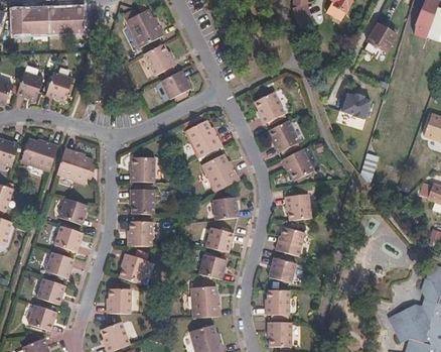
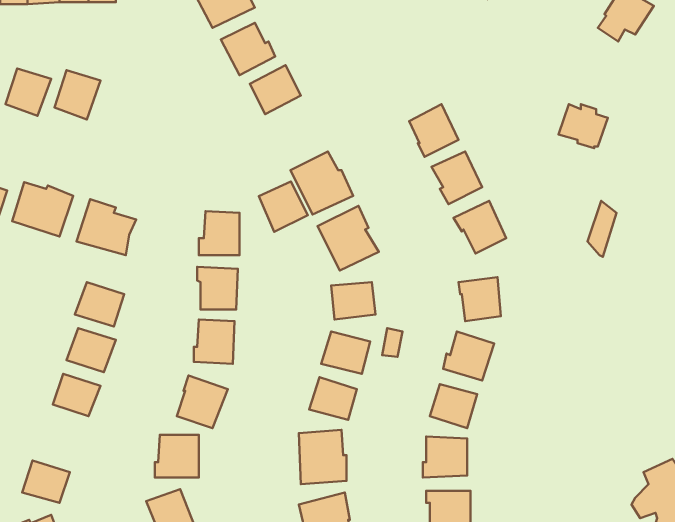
building: none -> [259,181,308,232]
building: [34,277,62,304] -> none

